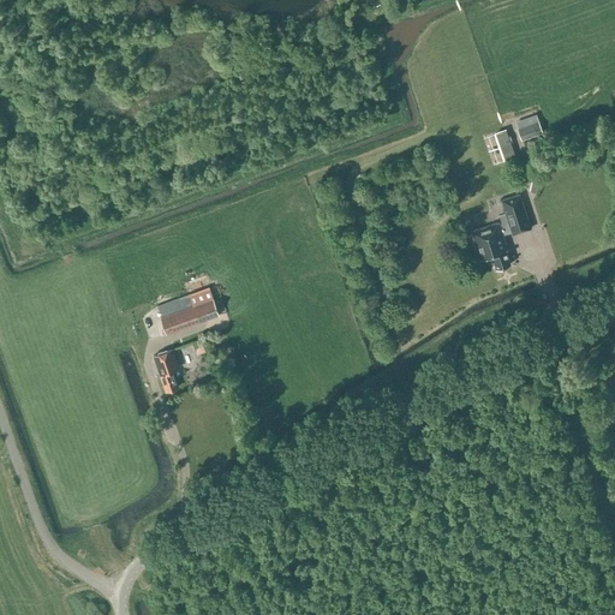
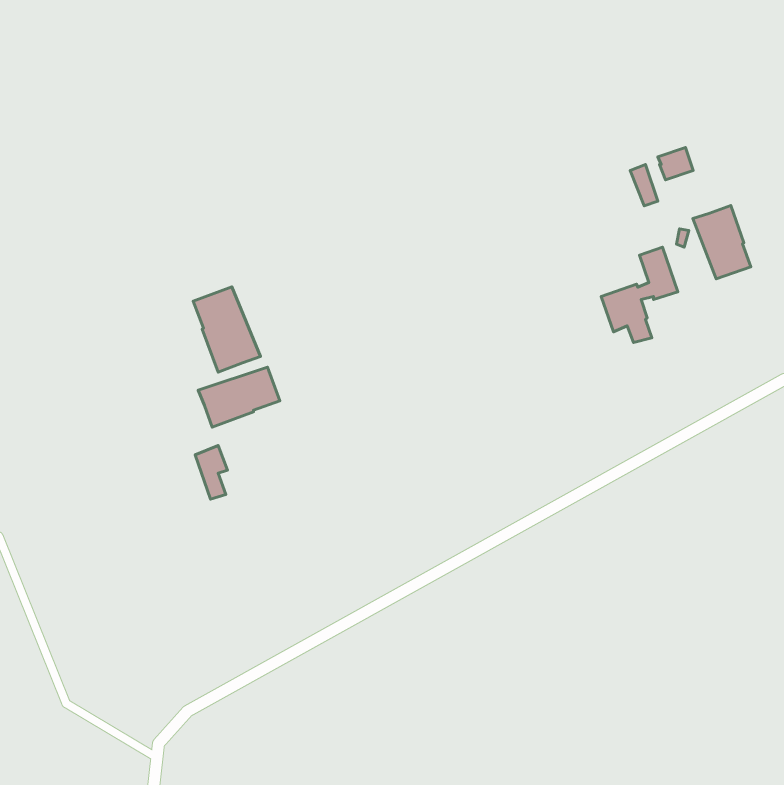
building: none -> [693,206,751,279]
building: none -> [193,287,261,372]

